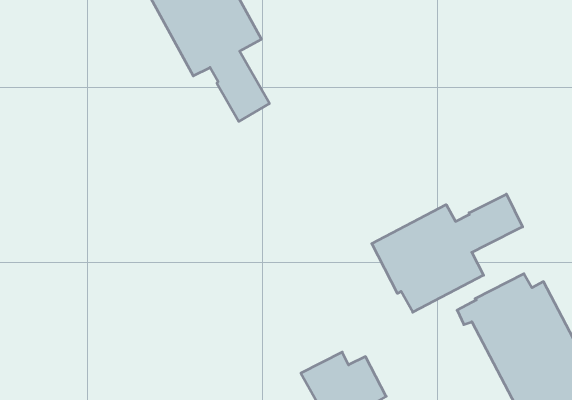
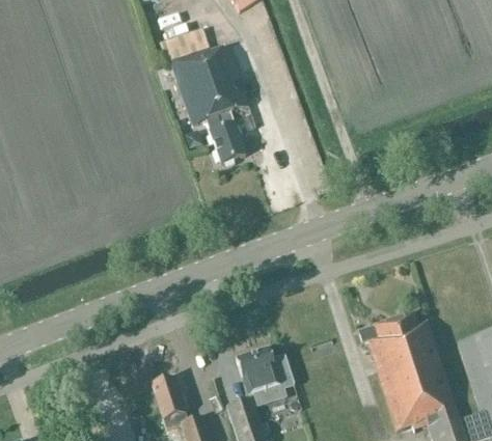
building: [372,194,523,312] -> none

